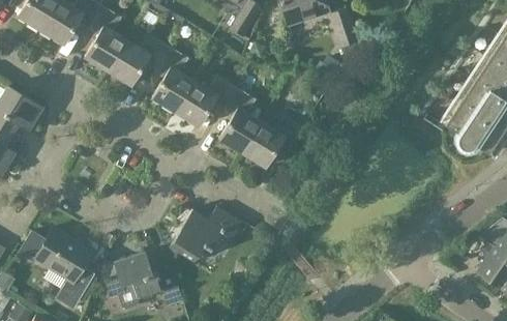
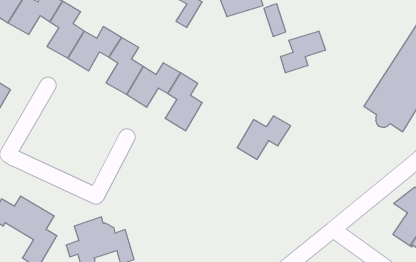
building: none -> [281,31,326,73]
building: [241,118,302,168] -> [237,116,291,159]
building: [171,207,241,259] -> none

